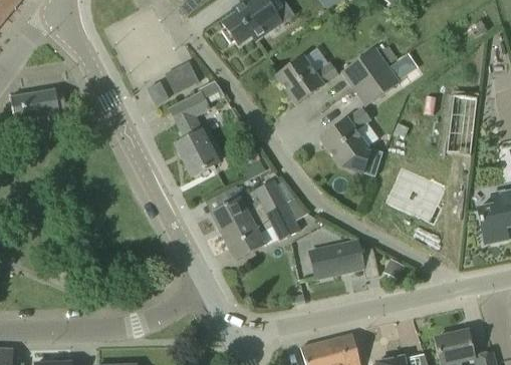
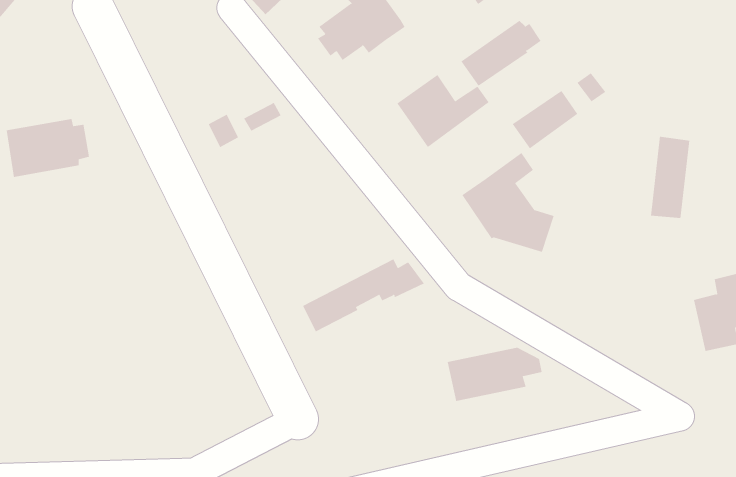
building: [341,43,397,88] -> [460,20,542,86]
building: [170,79,224,174] -> none
building: [385,165,446,224] -> none
building: [220,197,308,260] -> none

